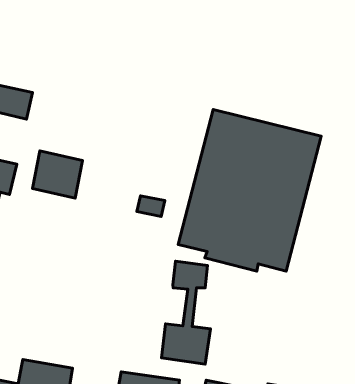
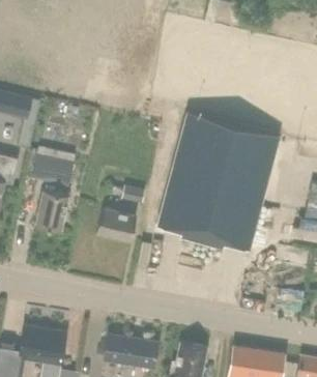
building: none -> [35,190,68,230]
building: none -> [96,207,136,240]
building: [161,261,211,364] -> none

